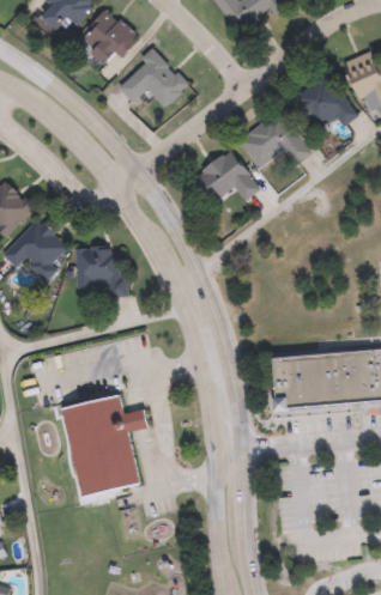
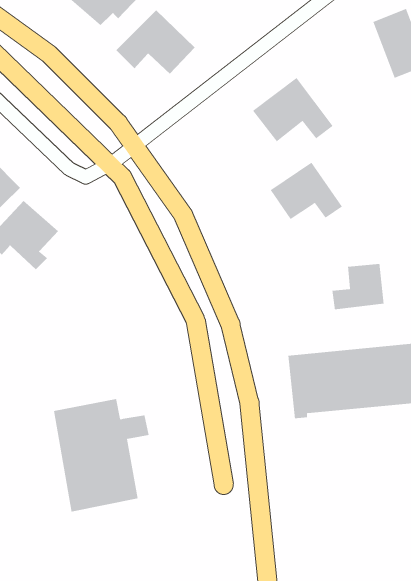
building: [289,73,357,133] -> none
building: [194,150,259,201] -> [270,162,343,220]
building: [75,248,122,293] -> none
building: none -> [332,263,384,310]

